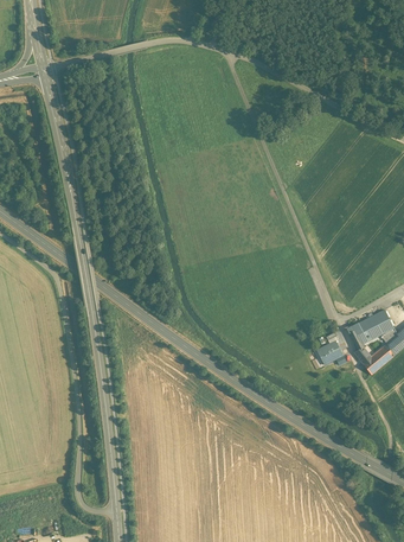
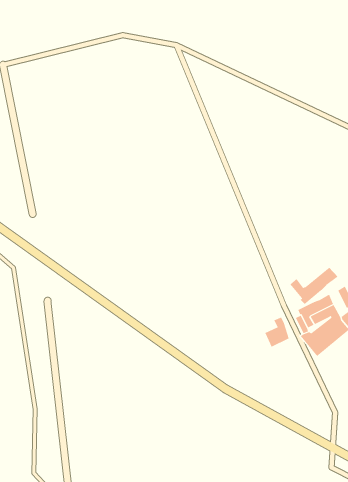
building: none -> [289,267,338,305]

